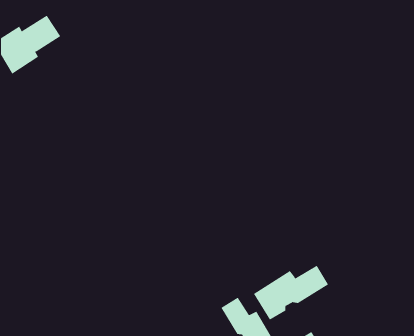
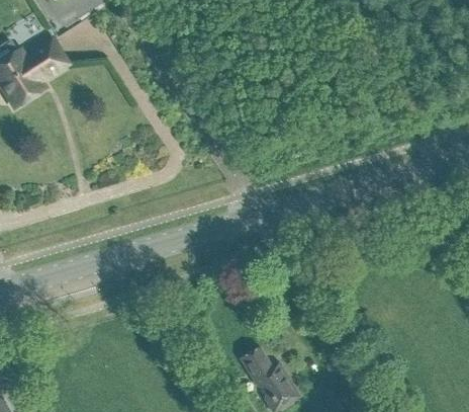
building: [253,265,329,321] -> none

